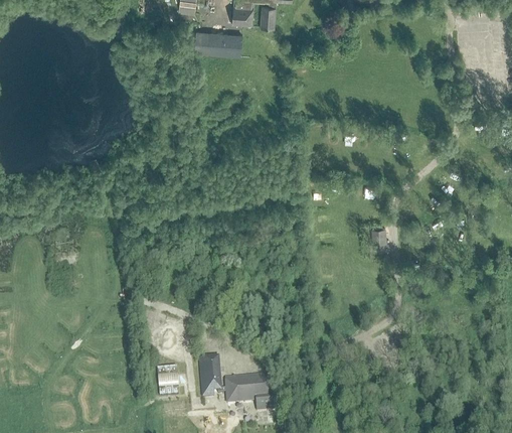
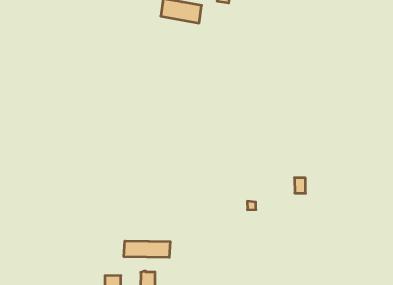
building: none -> [124,241,170,257]

